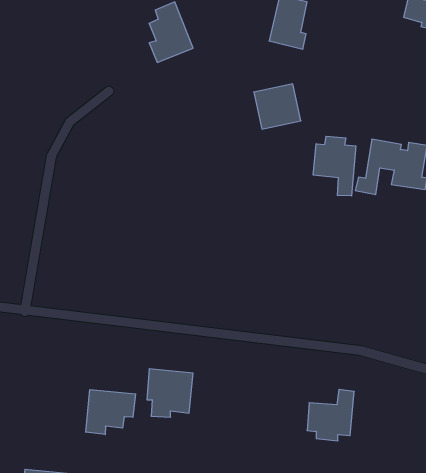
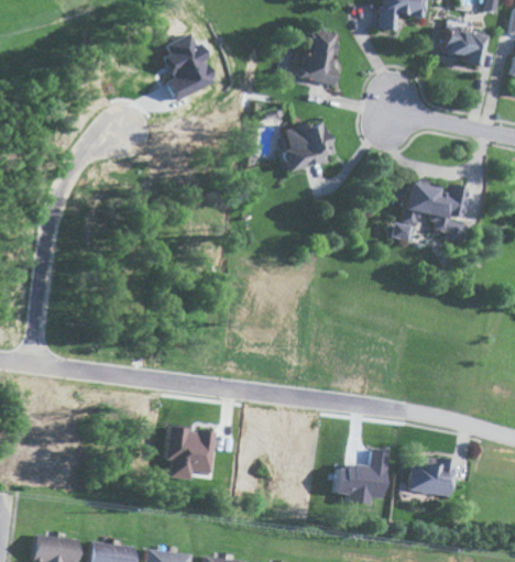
building: [313,136,356,196] -> none
building: [86,390,136,435] -> none
building: none -> [407,456,454,495]

